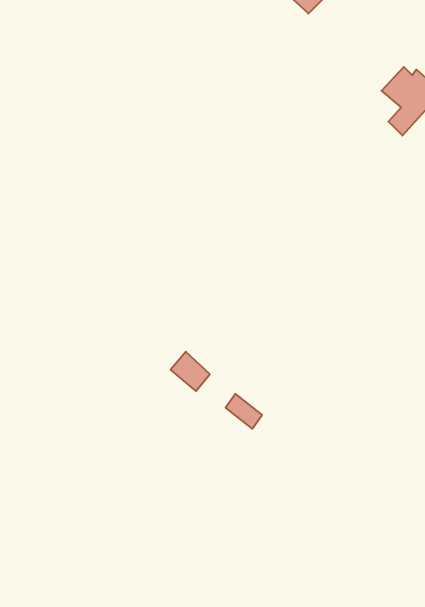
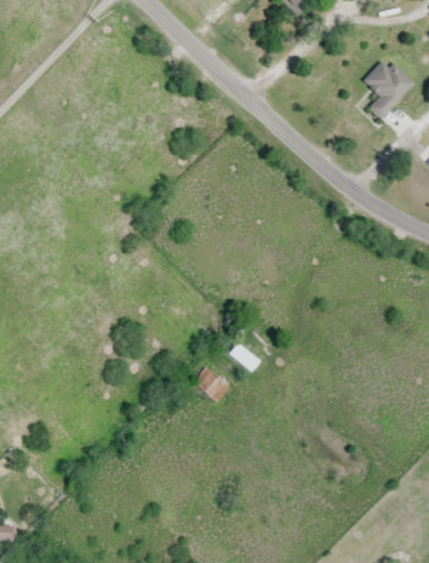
building: [171,352,210,391] -> [196,367,230,401]

